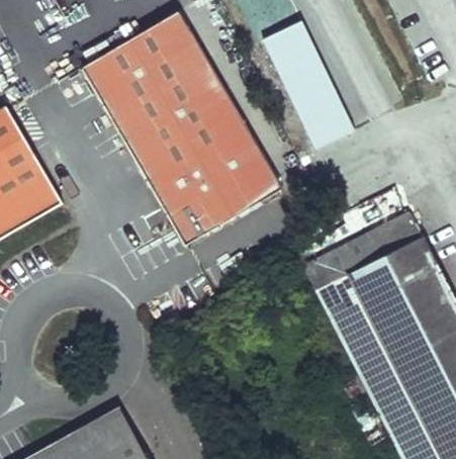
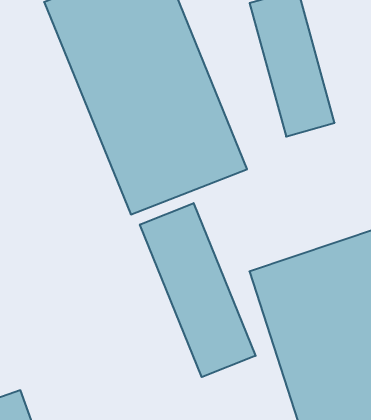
building: none -> [140,203,256,377]

